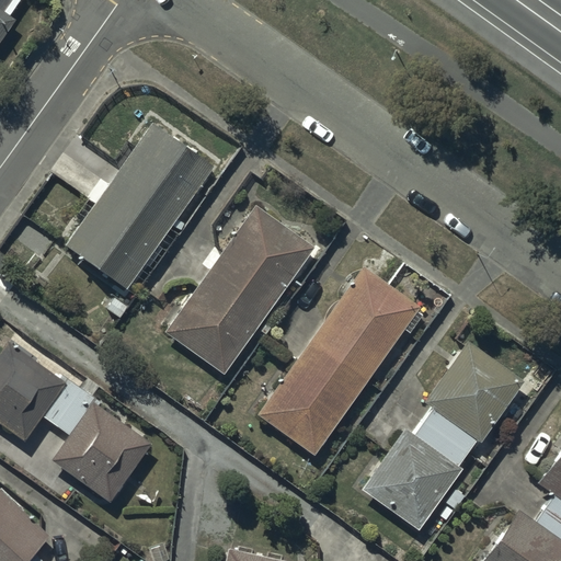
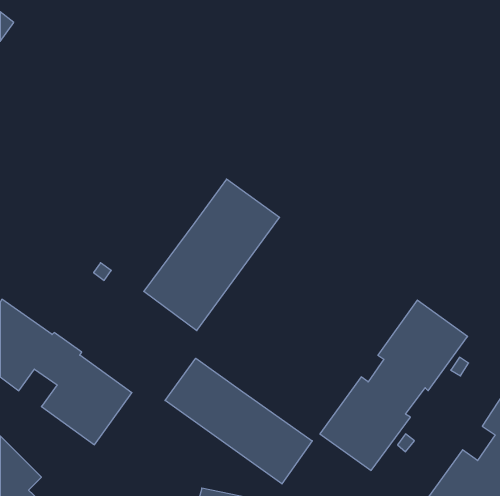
building: [67,125,215,288] -> none
building: [257,267,423,455] -> none
building: none -> [165,358,312,484]

